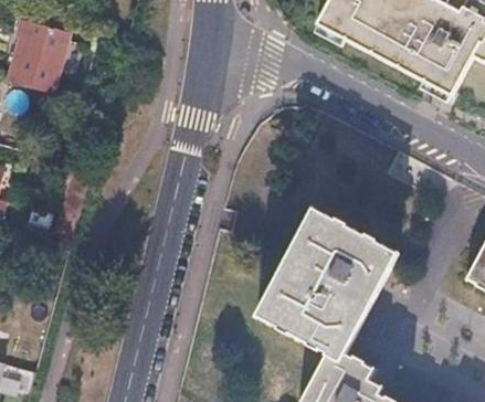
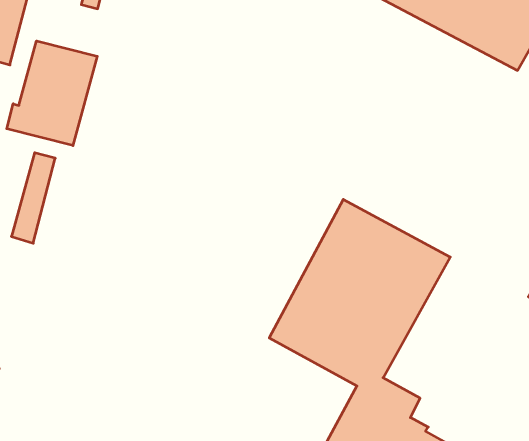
building: none -> [7,41,97,146]

